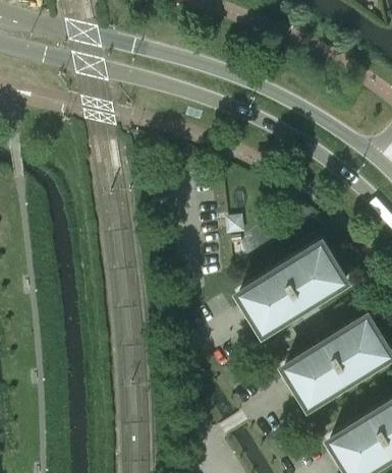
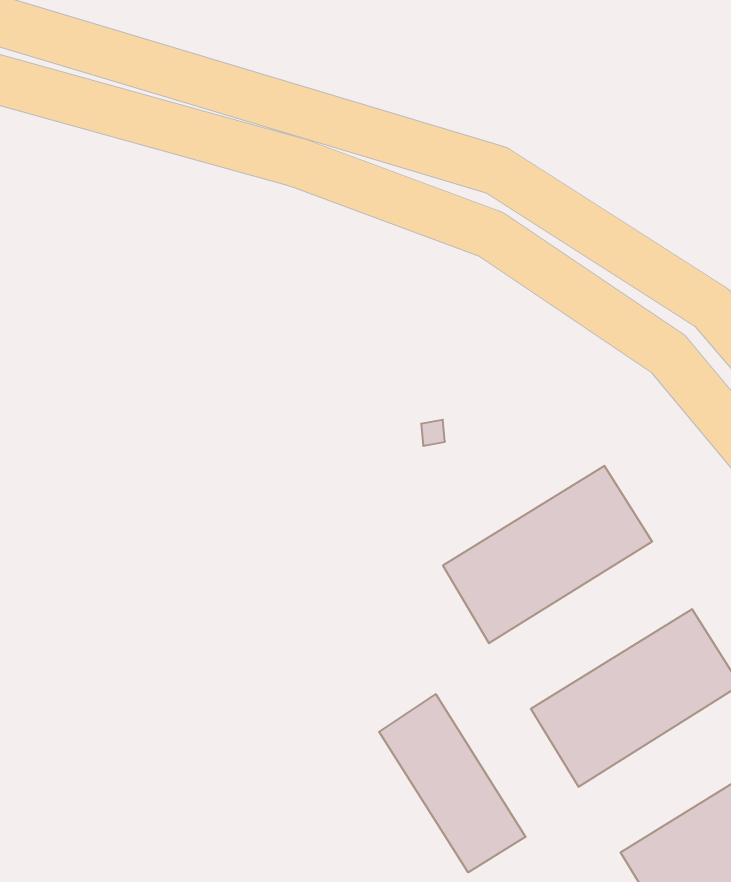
building: none -> [379,694,526,872]

